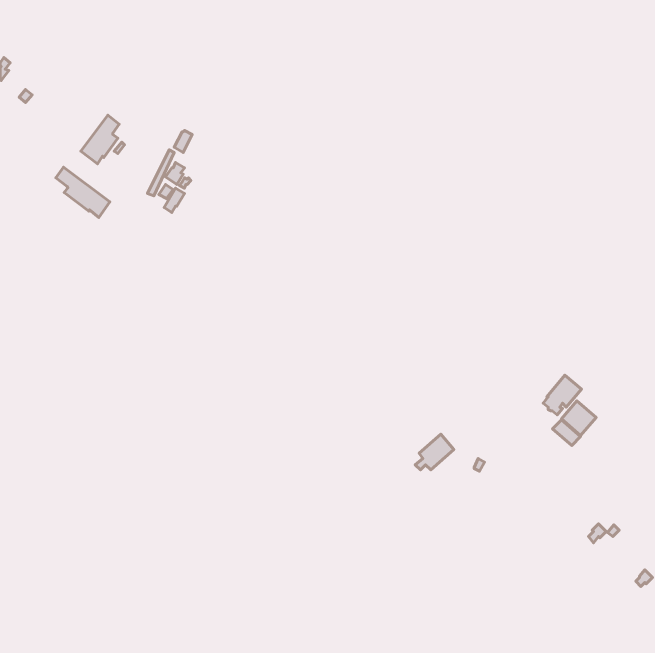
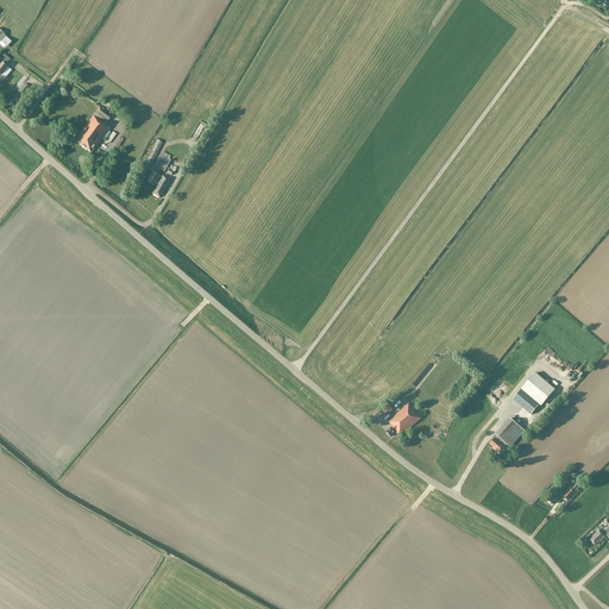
building: [56,167,110,217] -> none
building: [543,375,582,415] -> [489,417,525,454]

